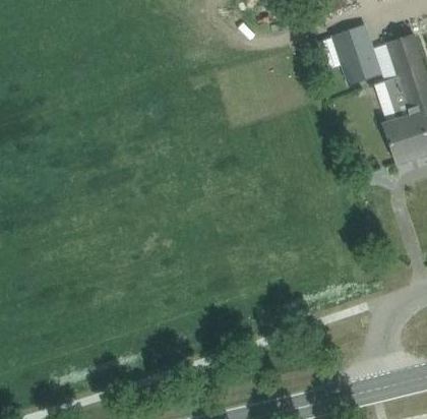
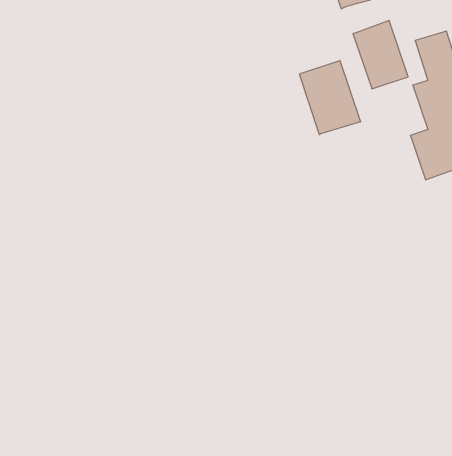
building: none -> [300,60,360,135]

